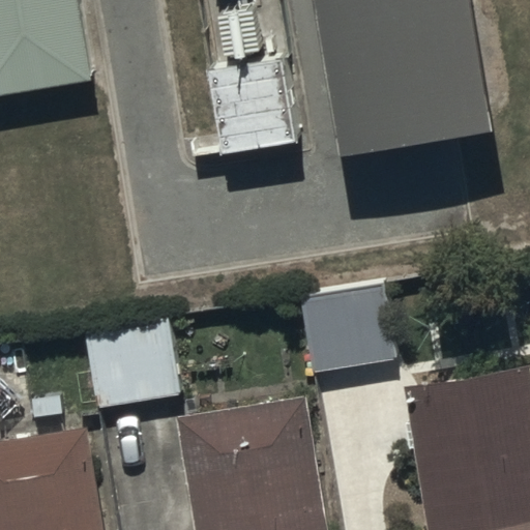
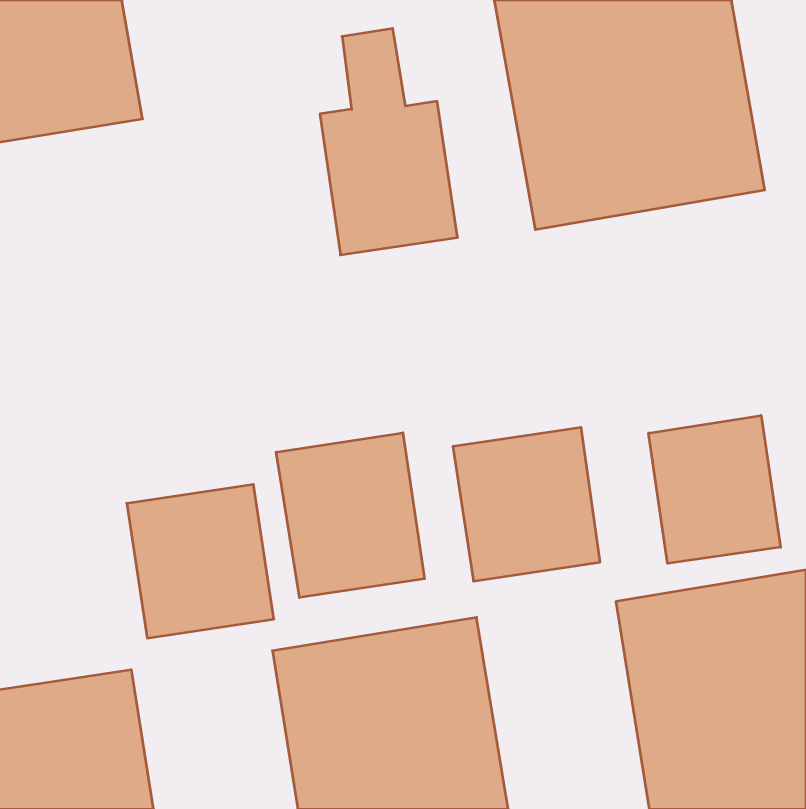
building: none -> [649,415,781,563]
building: none -> [276,433,425,598]

